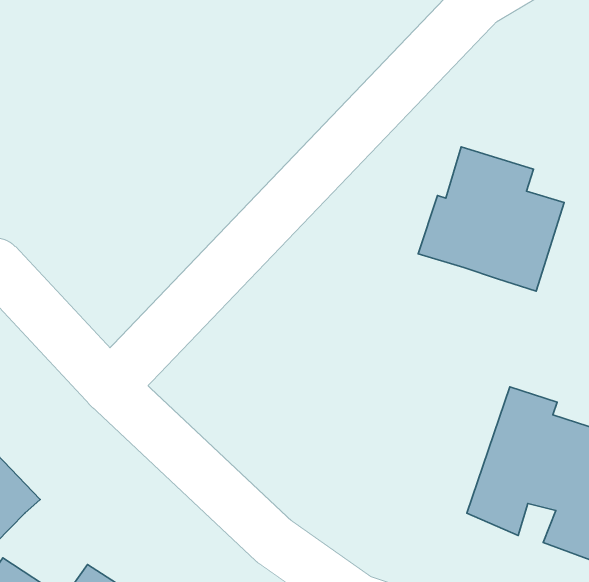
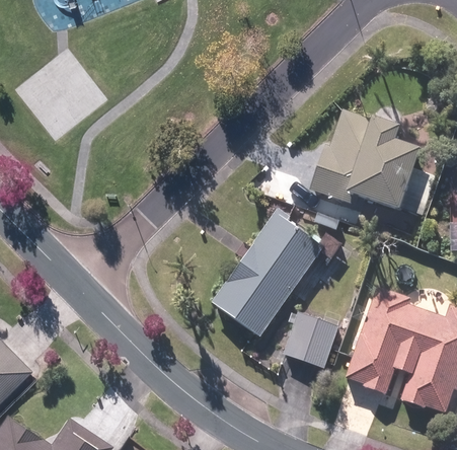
building: none -> [212,210,326,336]
building: none -> [285,312,338,369]

